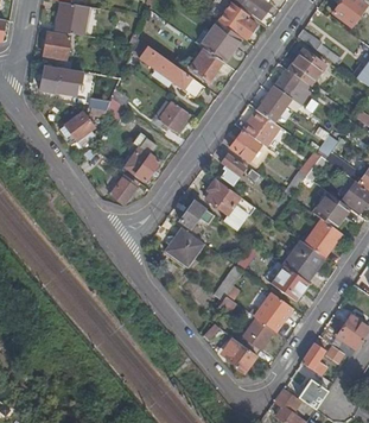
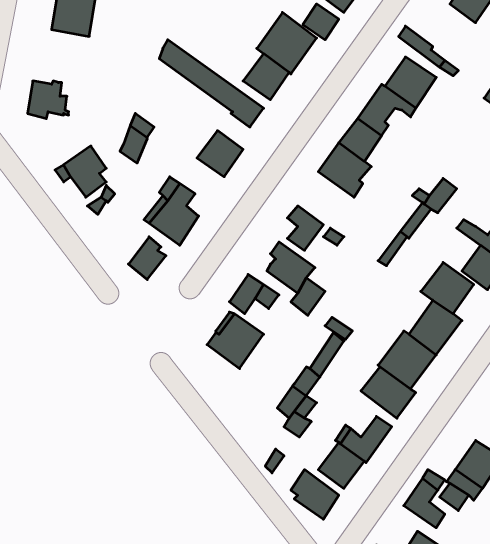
building: [44,32,70,68] -> none
building: [229,130,268,165] -> none

